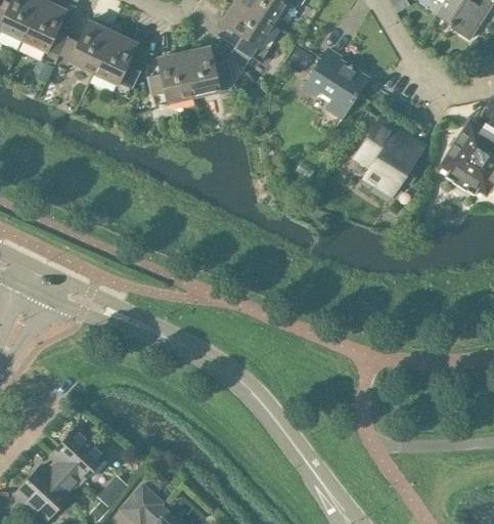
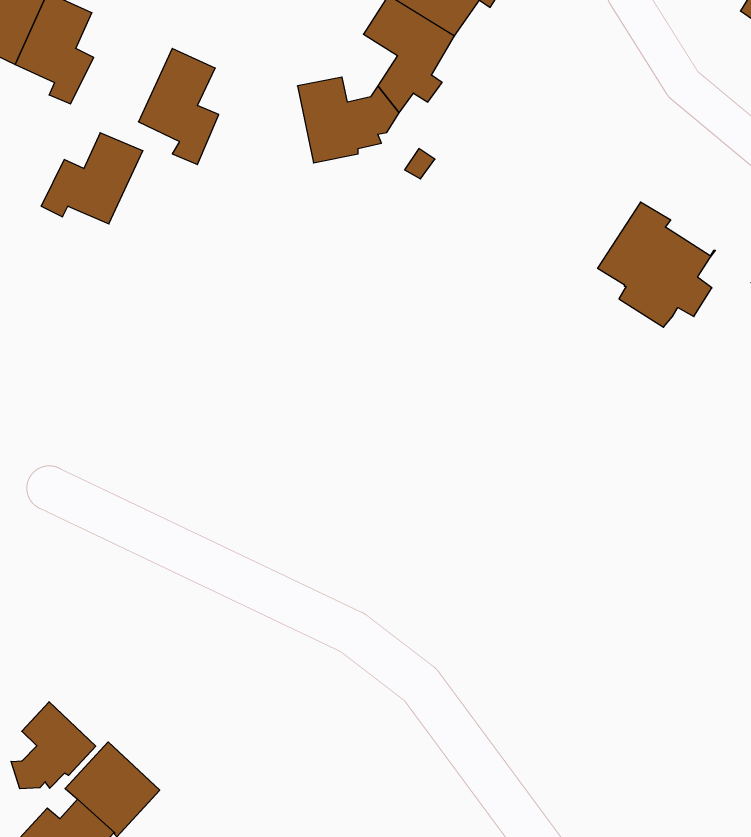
building: [54,20,113,73] -> [41,133,143,224]
building: [305,51,368,120] -> none
building: [147,52,193,103] -> none
building: none -> [11,702,96,789]

